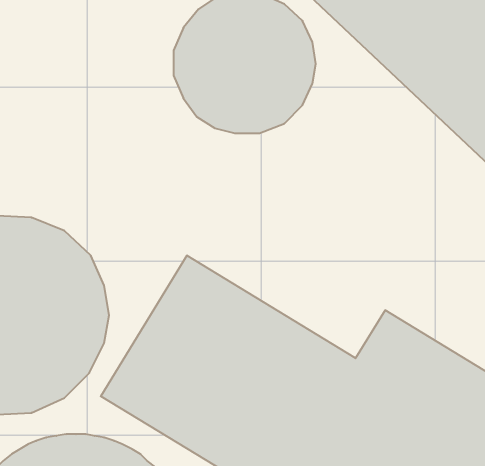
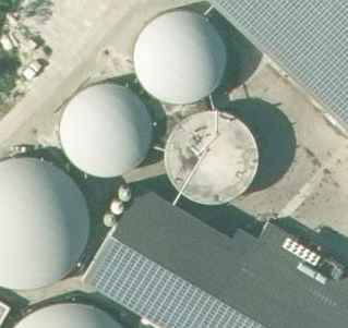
building: none -> [60,85,153,178]
building: none -> [165,112,257,205]

